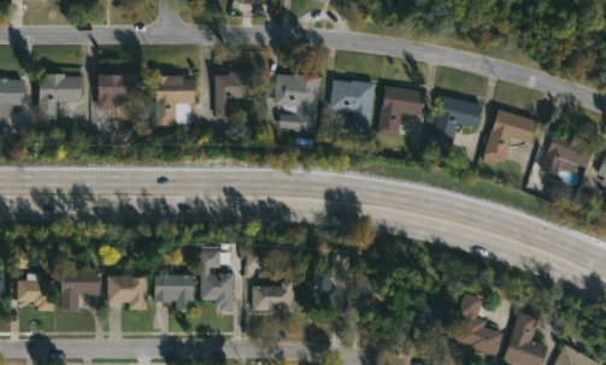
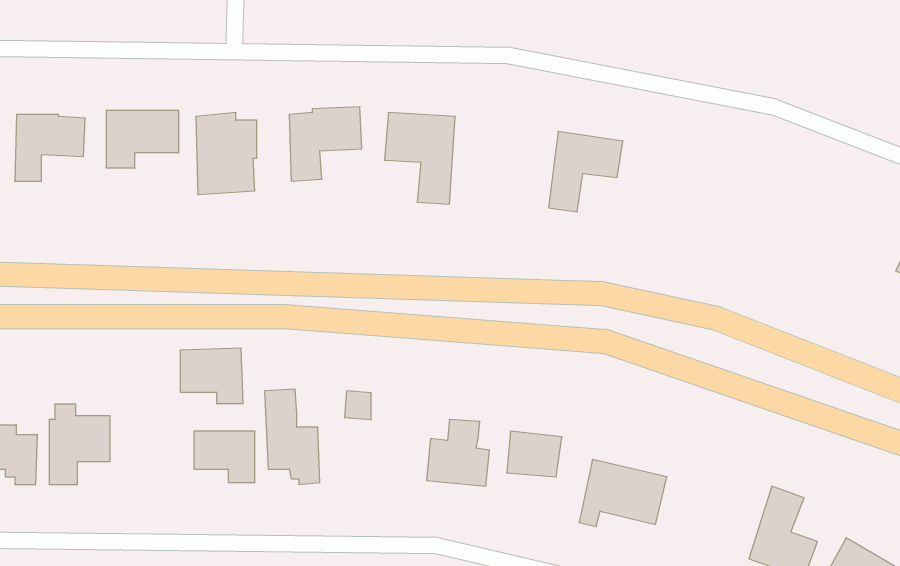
building: [329,80,373,140] -> none
building: [430,96,482,148] -> none
building: [483,108,536,165] -> none
building: [540,131,593,176] -> none
building: [106,275,146,310] -> [180,348,243,404]
building: [253,281,293,310] -> none
building: [459,292,504,353] -> none

